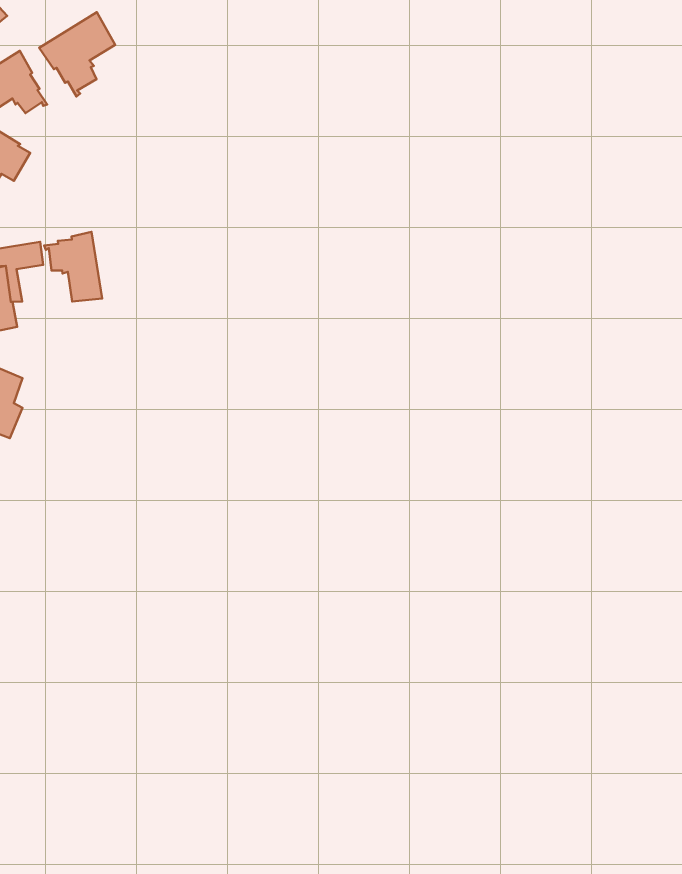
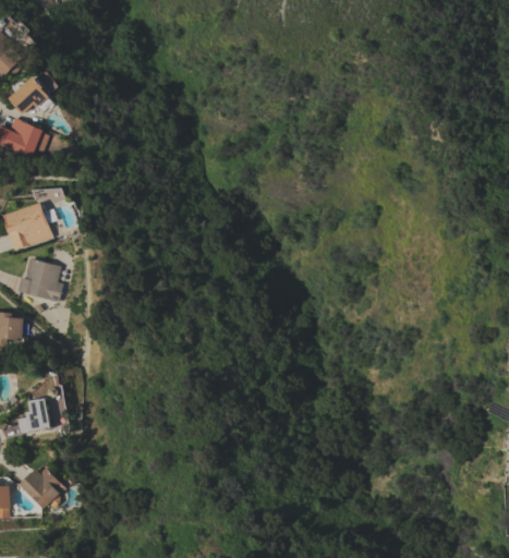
building: [39,12,115,97] -> none
building: [44,232,102,302] -> none

